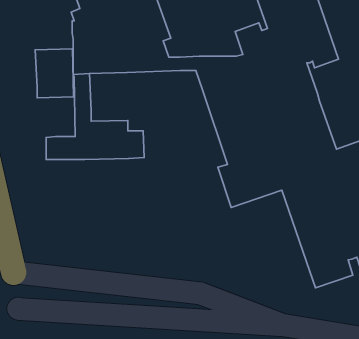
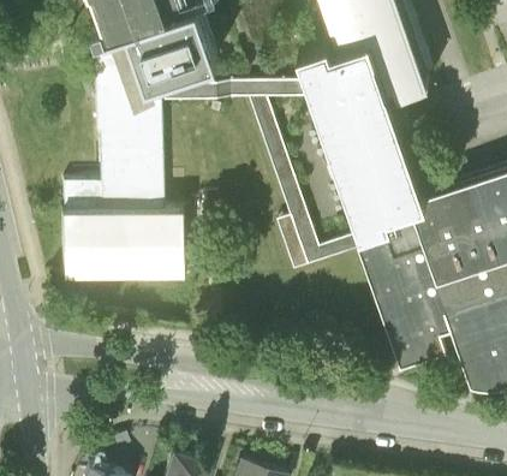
building: [35,49,74,98] -> [115,102,163,163]
building: none -> [59,209,185,276]

